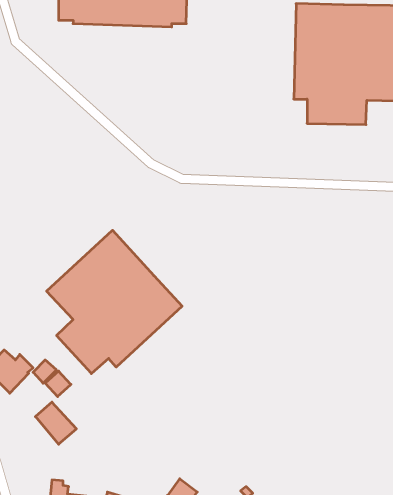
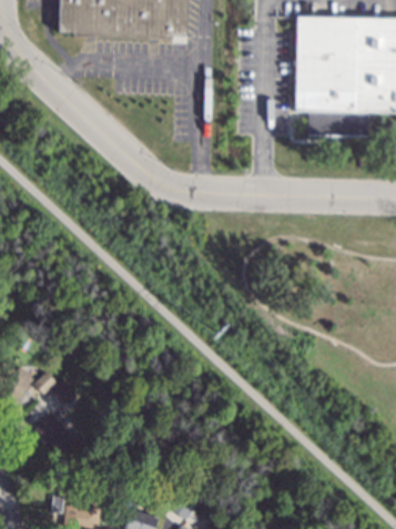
building: [47,230,182,374] -> none

